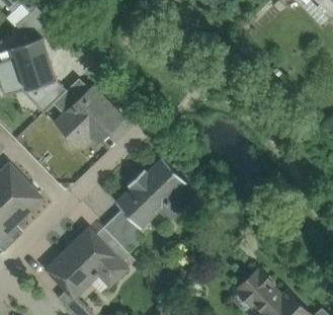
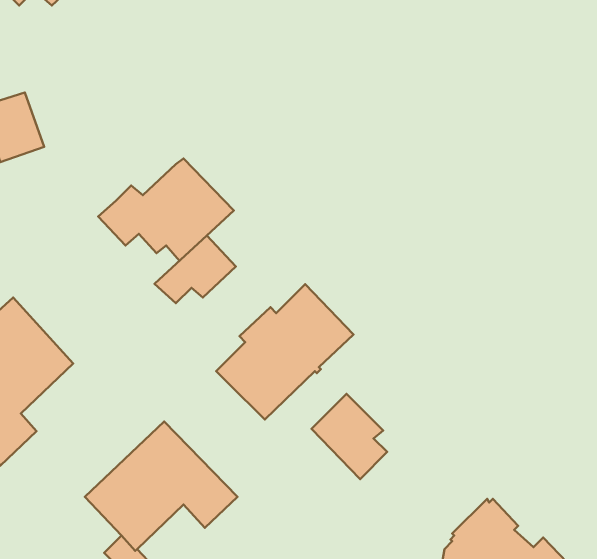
building: [12,37,57,90] -> none
building: [52,79,94,114] -> [155,236,236,303]
building: [103,210,143,254] -> [312,394,387,479]

